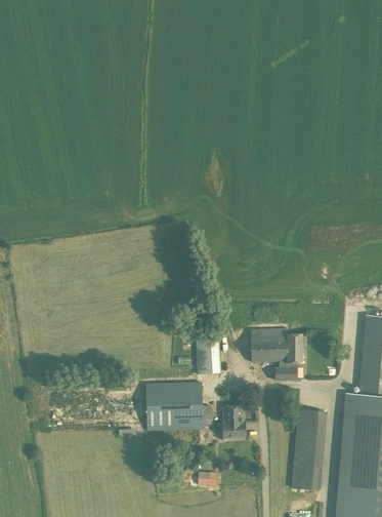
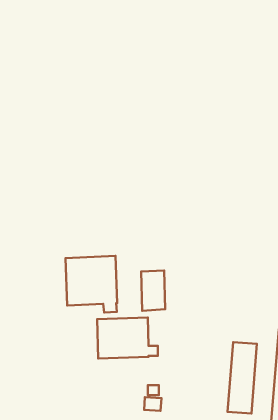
building: none -> [65,256,117,313]
building: [249,328,303,381] -> none
building: [222,405,247,437] -> none

